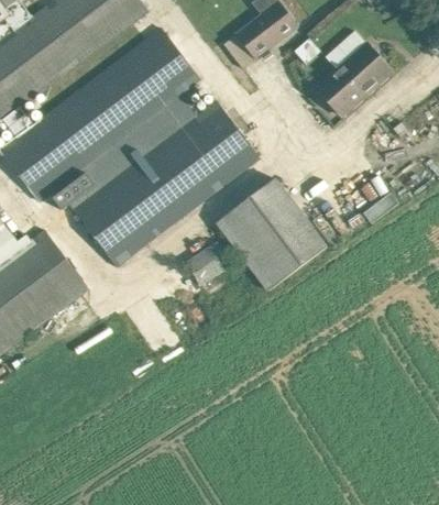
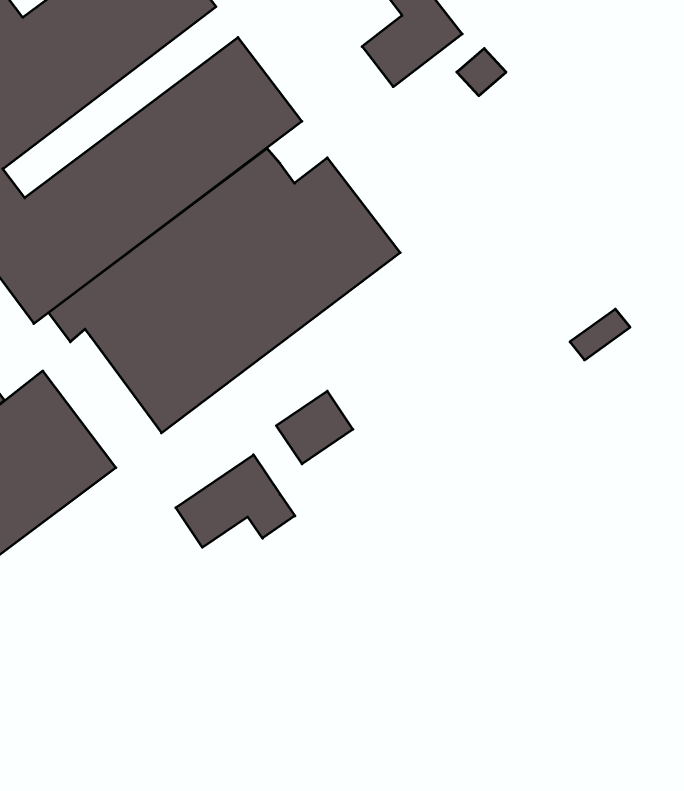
building: [317,30,391,114] -> none
building: [215,177,326,290] -> none
building: none -> [176,455,295,547]

